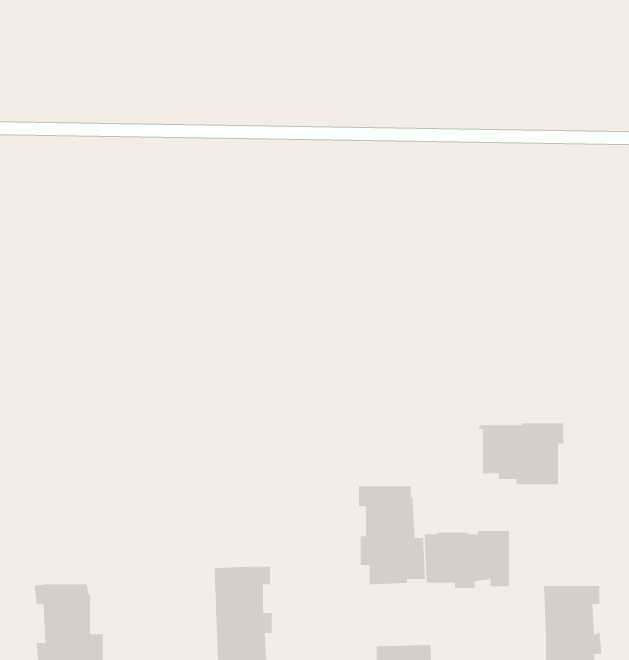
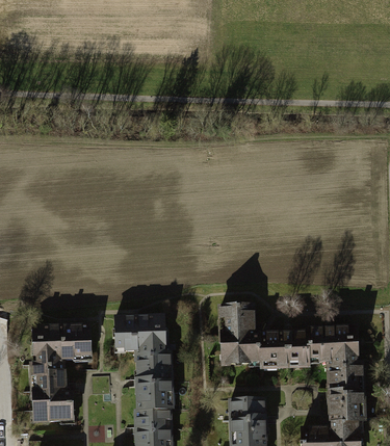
building: [479,423,564,485] -> [307,329,357,365]
building: none -> [115,318,163,355]
building: none -> [33,326,89,364]

